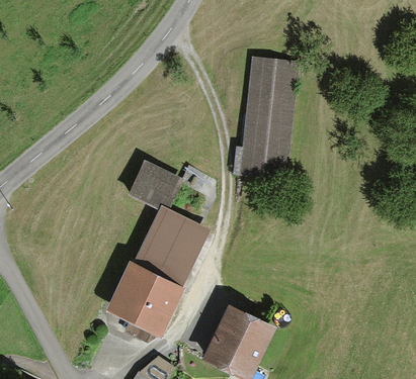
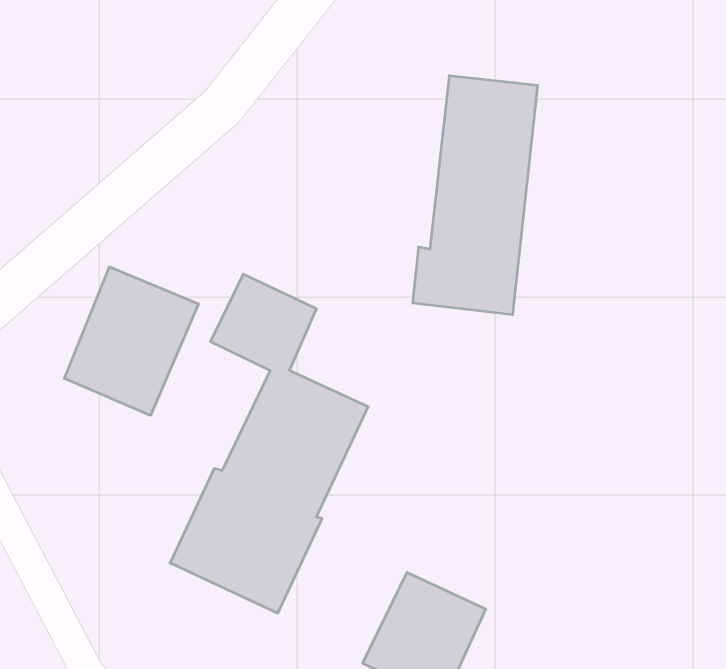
building: none -> [64,267,198,415]

